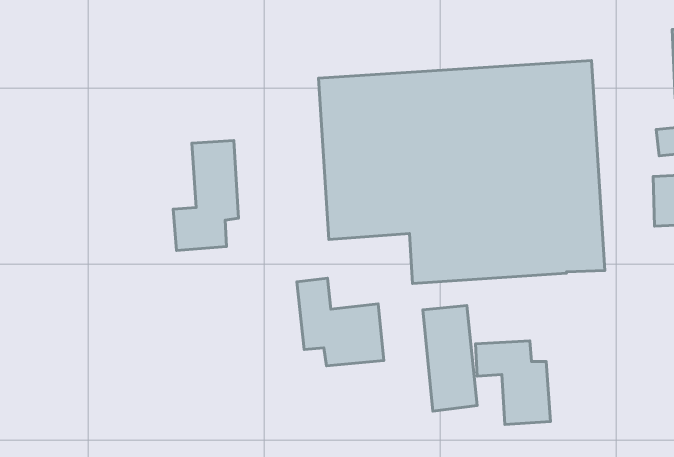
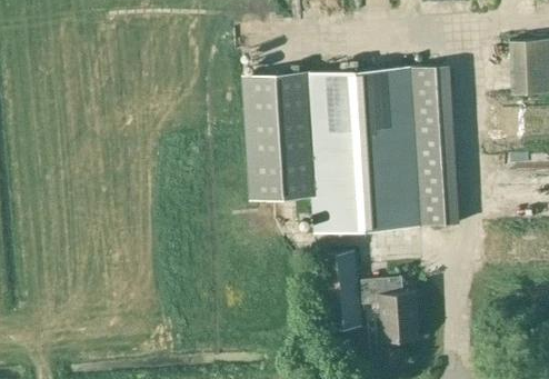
building: [173,141,239,251] -> none
building: [297,278,384,366] -> none

